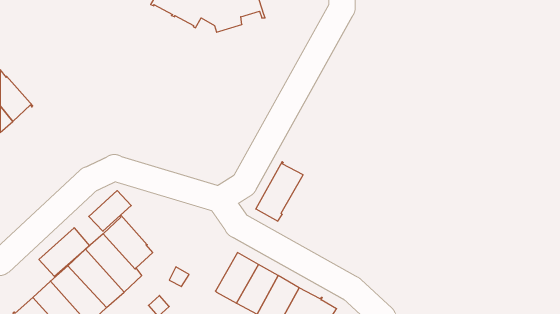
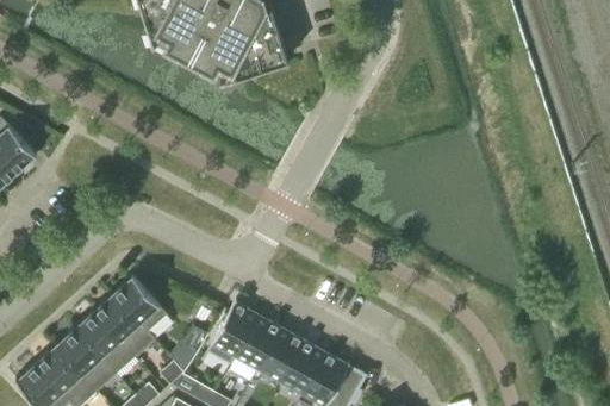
building: [256,162,303,221] -> [206,300,257,364]
building: [89,191,131,231] -> none
building: [39,228,90,276] -> none

